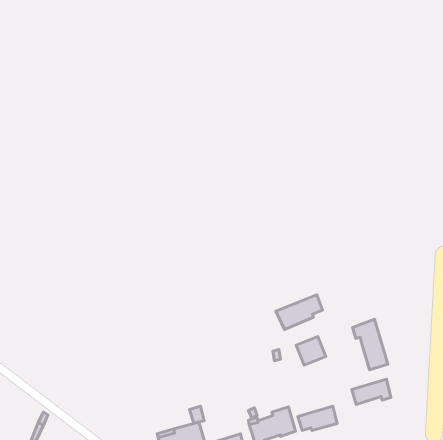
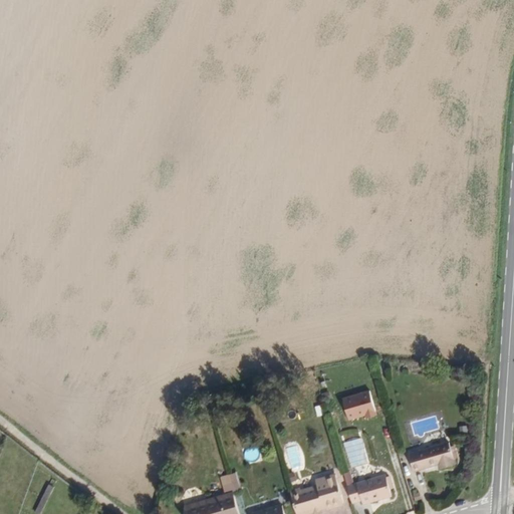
building: [276,295,323,330] -> none
building: [352,319,388,370] -> none

